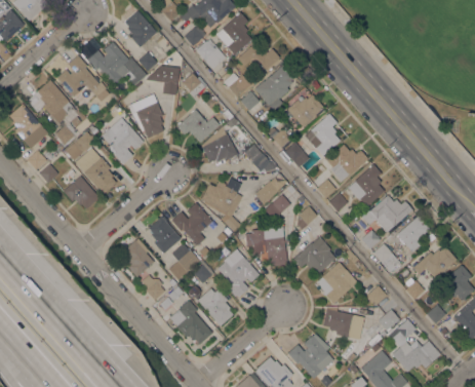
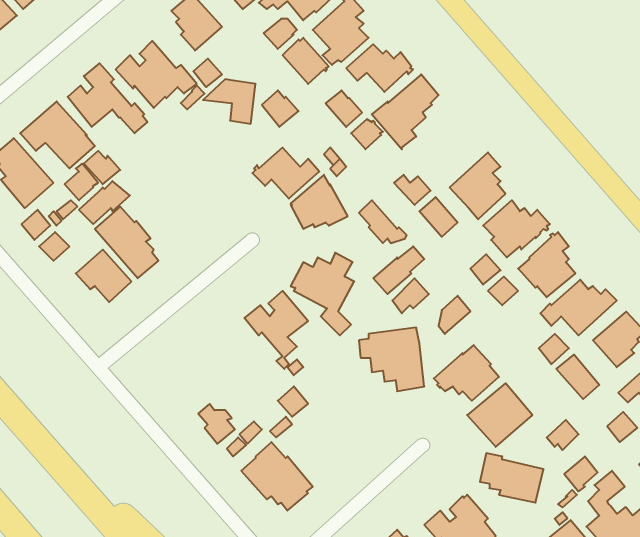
building: [129,94,163,139] -> none
building: [282,94,325,126] -> none
building: [102,117,144,164] -> none
building: [148,217,181,254] -> none
building: [122,239,154,277] -> none
building: [168,243,199,279] -> none
building: [217,248,260,297] -> none
building: [197,288,233,325] -> none

